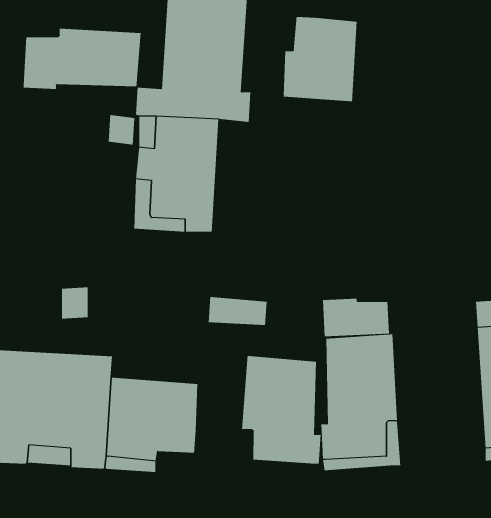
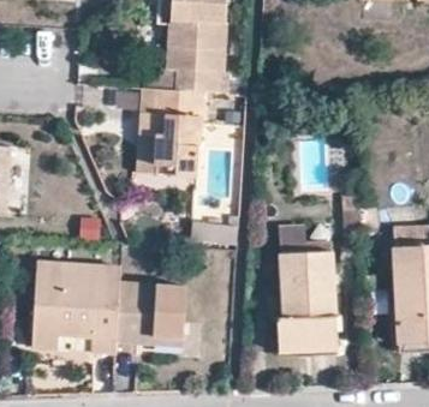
building: [283,16,357,102] -> none
building: [23,28,141,90] -> none
building: [242,355,321,465] -> none

